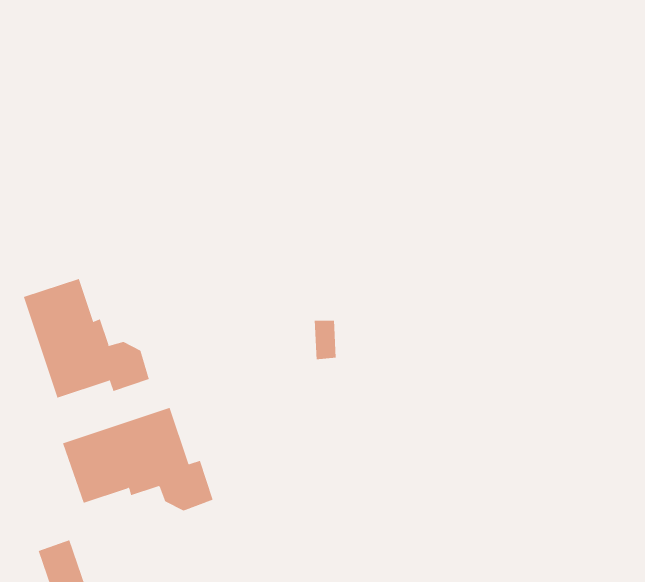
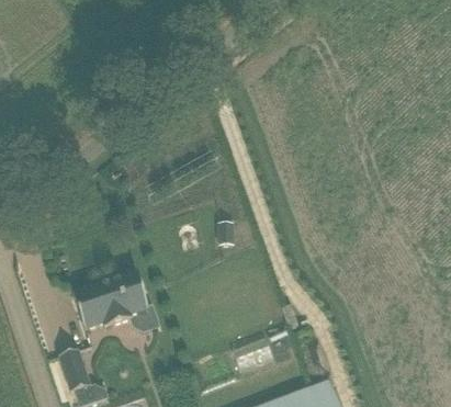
building: [23,278,150,398] -> none

